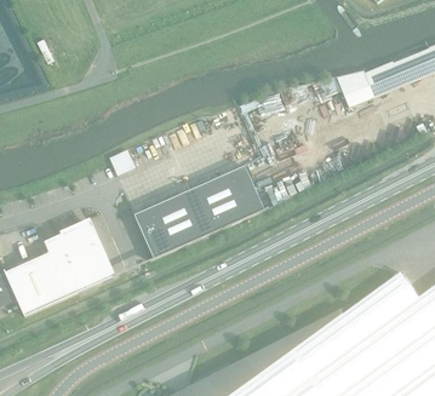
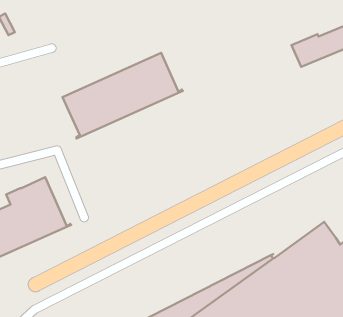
building: [134,166,269,262] -> [62,53,183,138]

